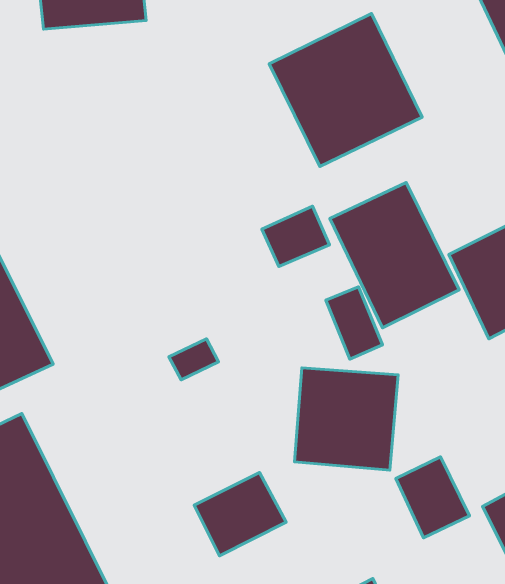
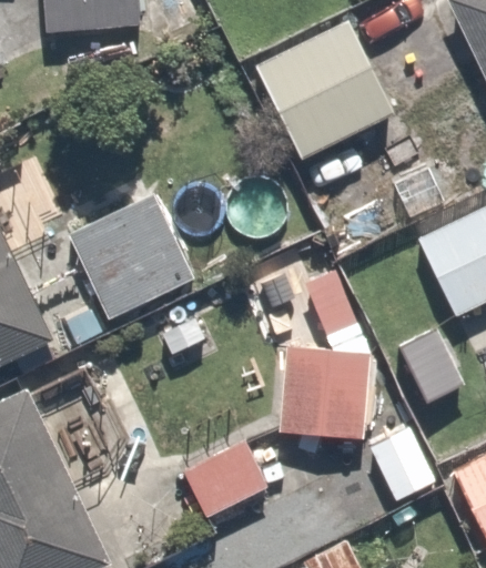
building: [330,182,459,328] -> none
building: none -> [68,195,196,321]

